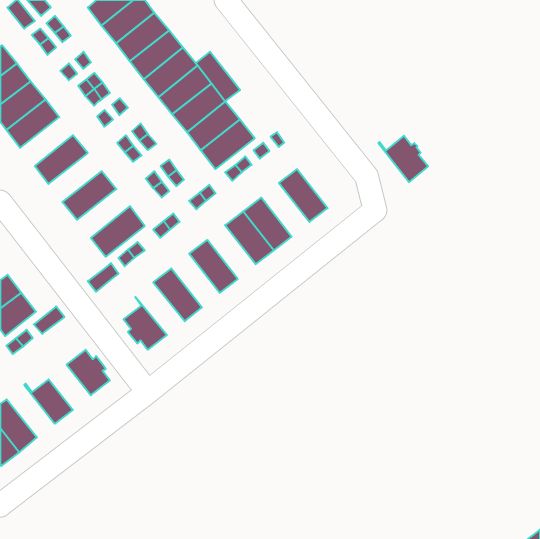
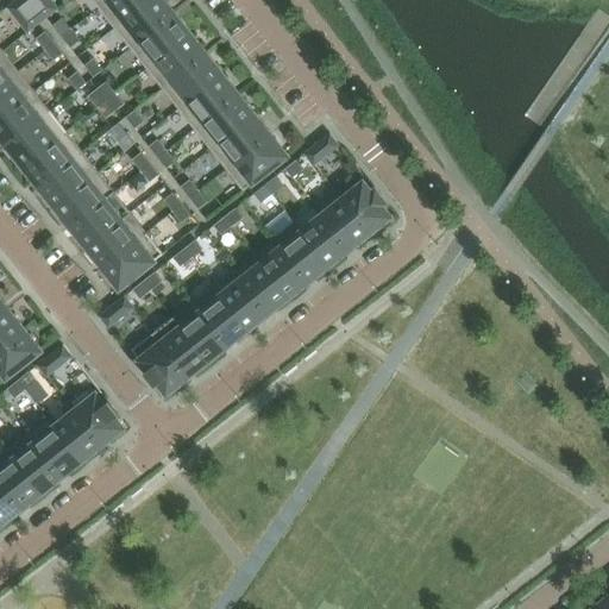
building: [196,52,240,101] -> none
building: none -> [23,133,82,188]
building: [378,136,428,182] -> [334,183,390,236]
building: none -> [55,174,114,228]
building: none -> [294,207,349,268]
building: none -> [87,214,146,269]
building: none -> [233,255,288,315]
building: none -> [193,287,247,347]
building: none -> [152,319,208,378]
building: none -> [55,412,102,463]
building: none -> [7,434,62,494]

